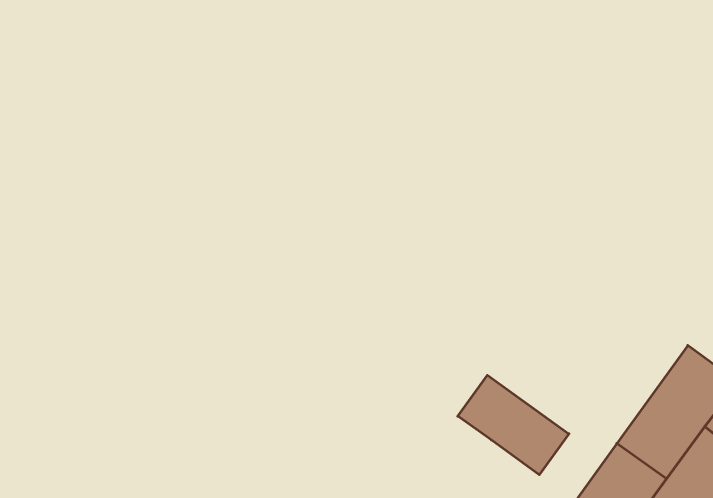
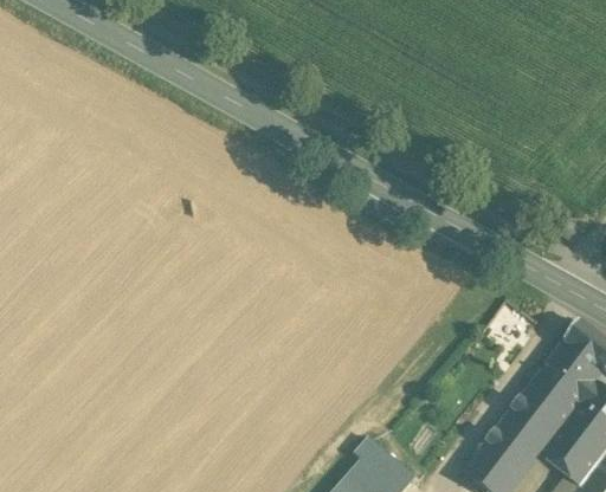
building: [458,375,569,475] -> none

